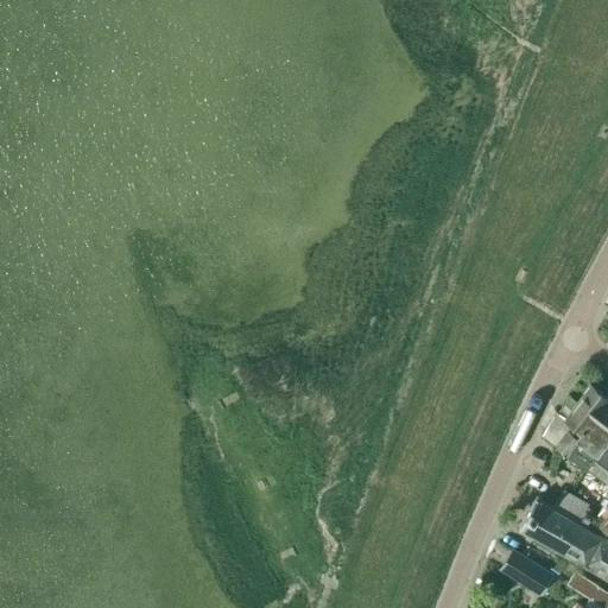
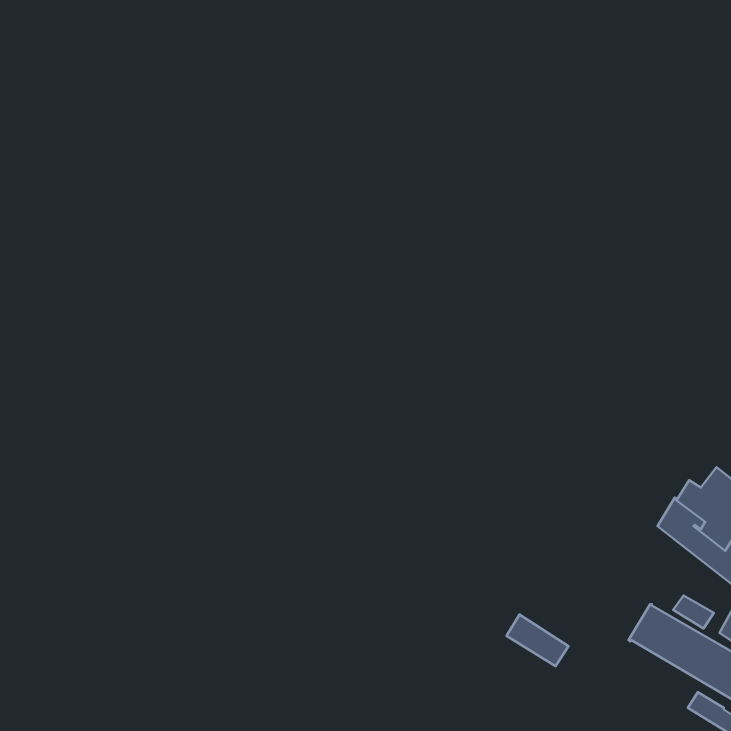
building: [506,555,557,597] -> [507,614,569,666]

